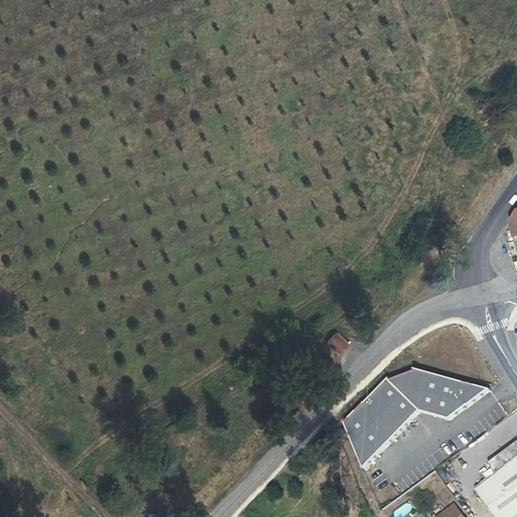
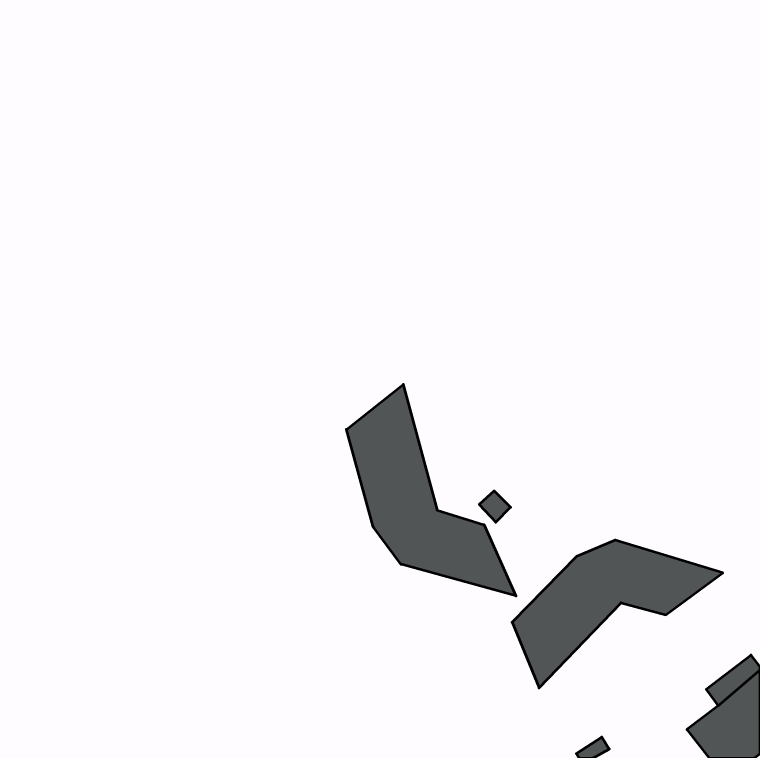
building: none -> [346,384,516,596]

